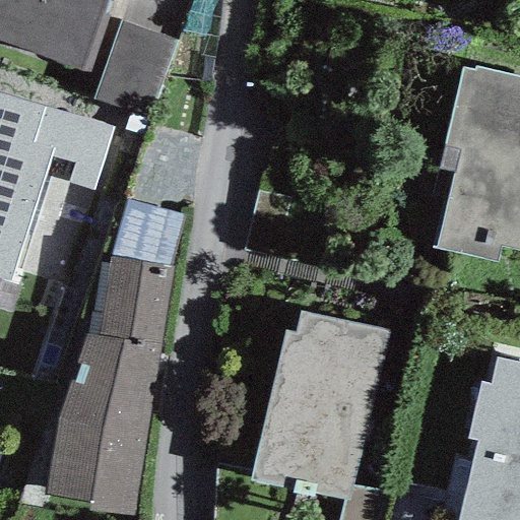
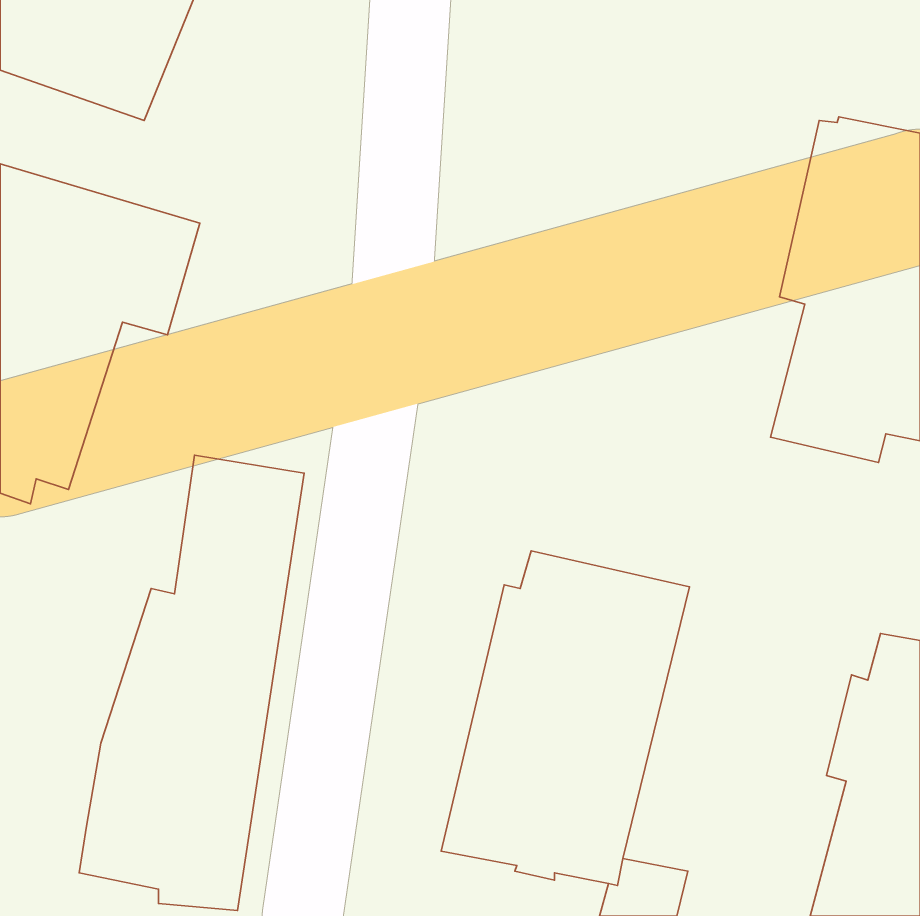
building: [93,21,175,115] -> none
building: [110,200,183,267] -> none

